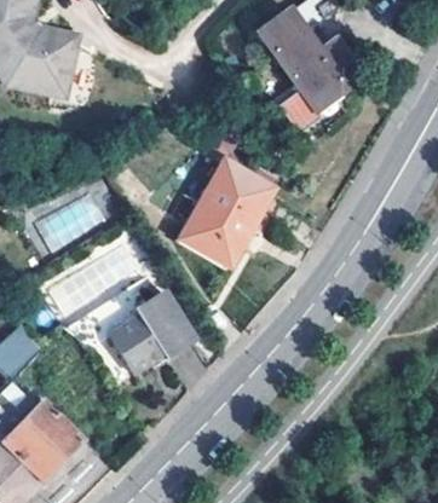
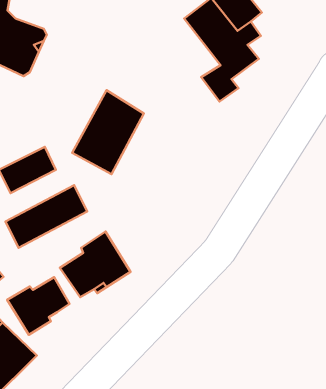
building: [186,164,272,265] -> [72,90,144,174]
building: none -> [7,277,69,335]

